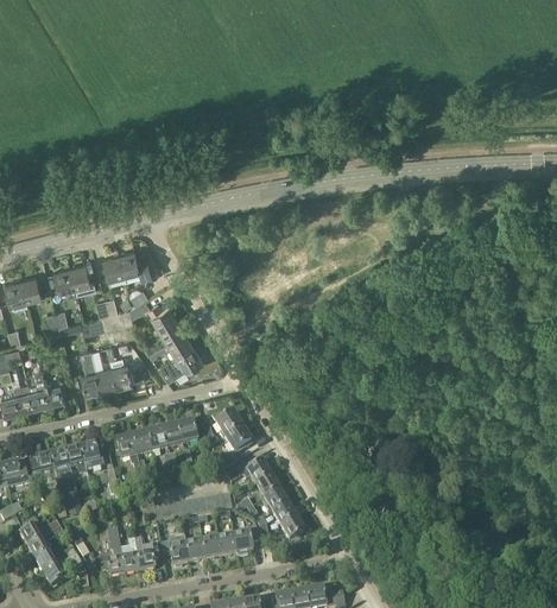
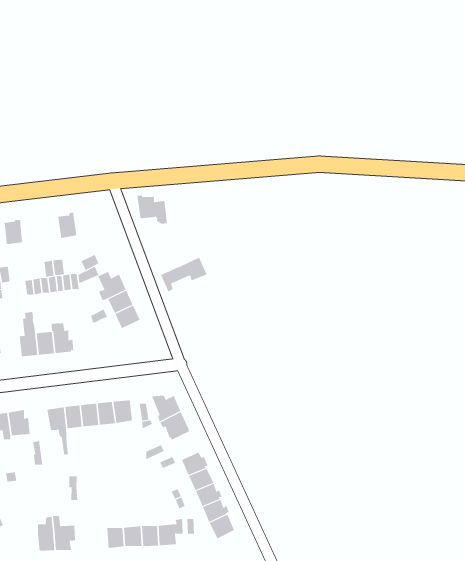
building: [119,248,152,278] -> [137,194,168,228]
building: [70,261,96,294] -> none
building: [159,344,203,381] -> [160,257,207,292]
building: [100,528,126,576] -> none
building: [162,536,190,566] -> none

